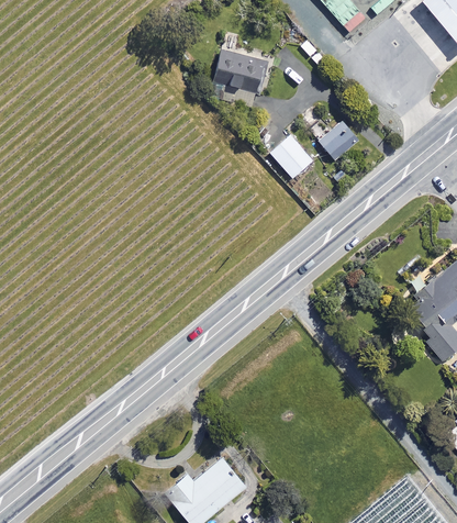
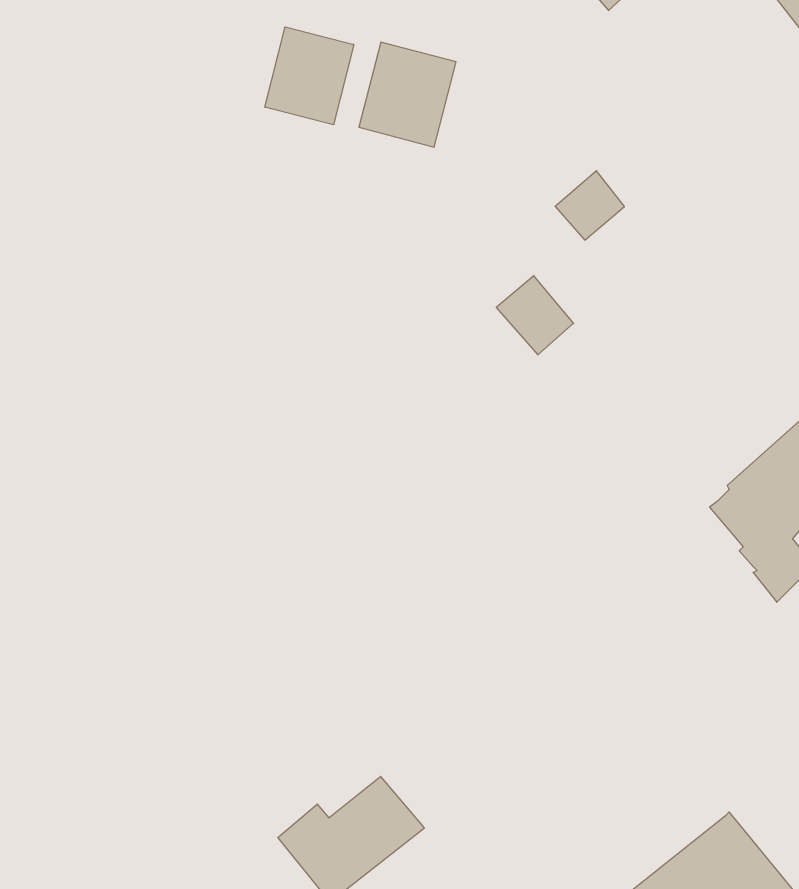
building: none -> [265,27,354,125]
building: [270,134,313,178] -> [496,276,574,355]

